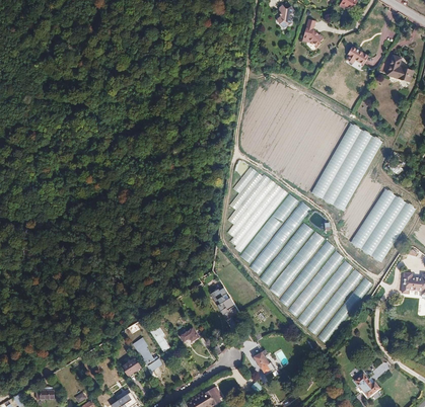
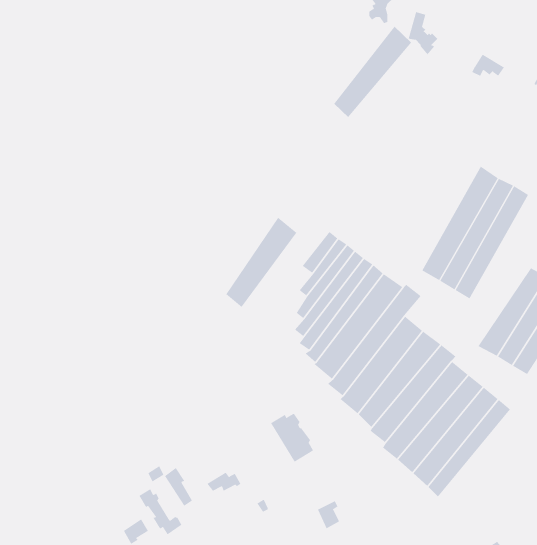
building: none -> [333,26,412,118]
building: none -> [225,217,297,308]

